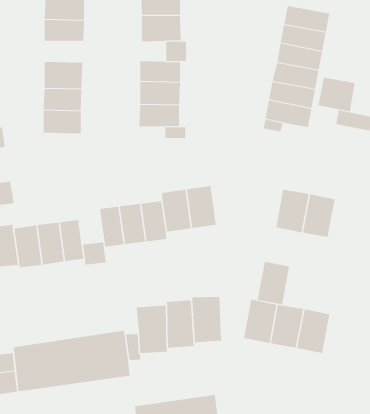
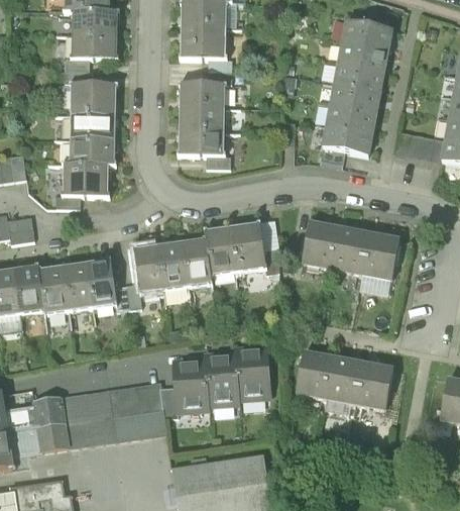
building: [318,77,355,112] -> none
building: none -> [60,162,106,197]
building: [257,261,290,305] -> [302,219,339,269]

